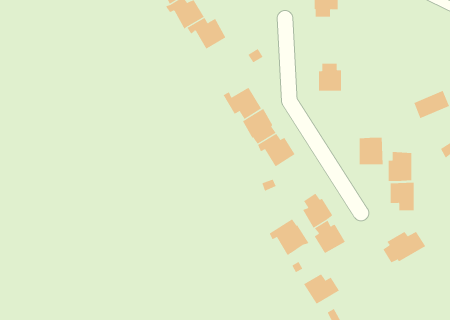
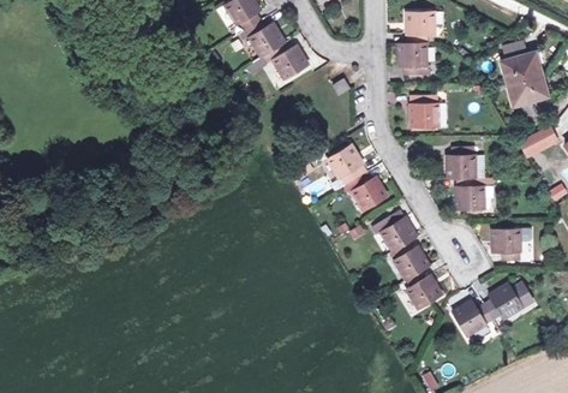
building: none -> [502,42,548,106]
building: none -> [399,43,435,75]
building: [223,87,262,120] -> none
building: [388,152,412,182] -> [448,145,476,179]
building: [269,218,310,256] -> [371,210,417,252]
building: [303,273,340,305] -> [453,300,494,335]

